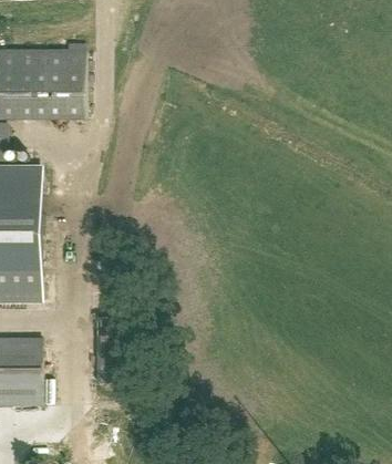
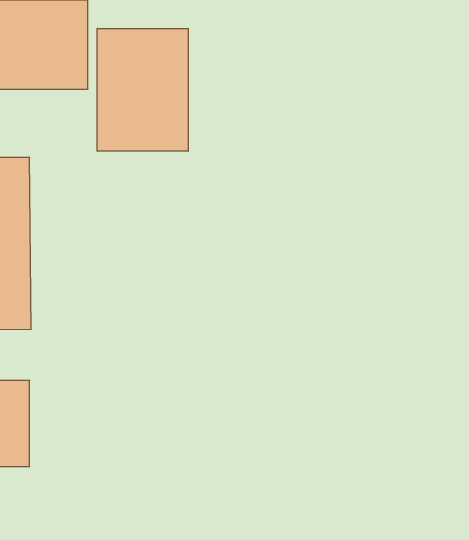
building: none -> [97,28,188,151]

